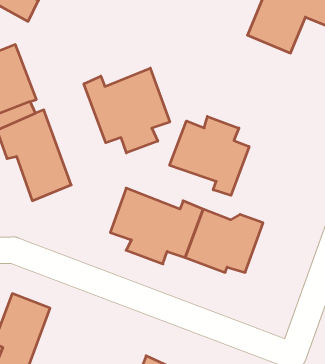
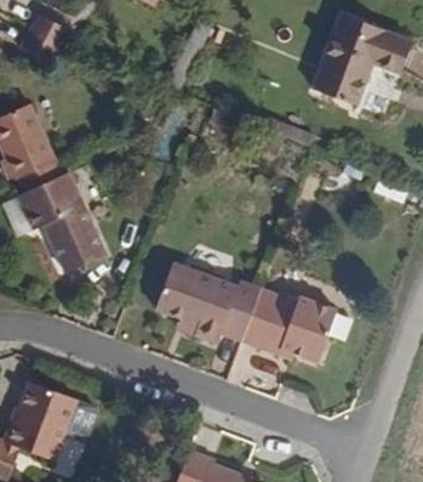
building: [84,68,170,153] -> none
building: [170,116,249,195] -> none

